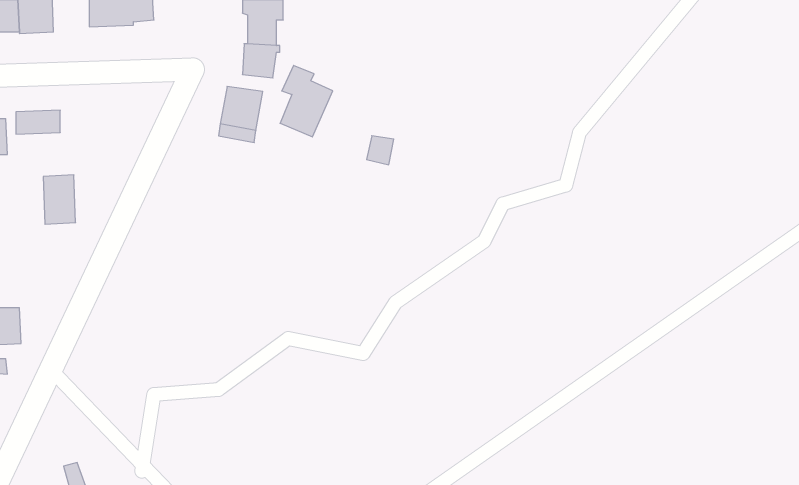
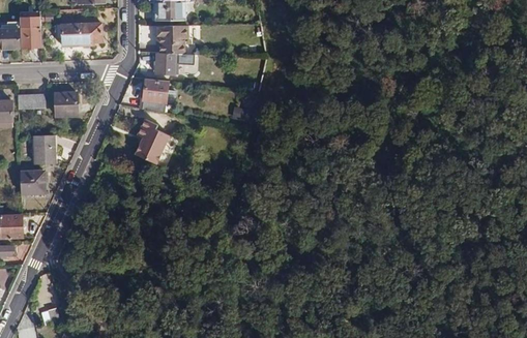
building: [280,65,333,137] -> [137,121,169,164]
building: none -> [55,93,78,116]
building: none -> [20,170,46,190]

